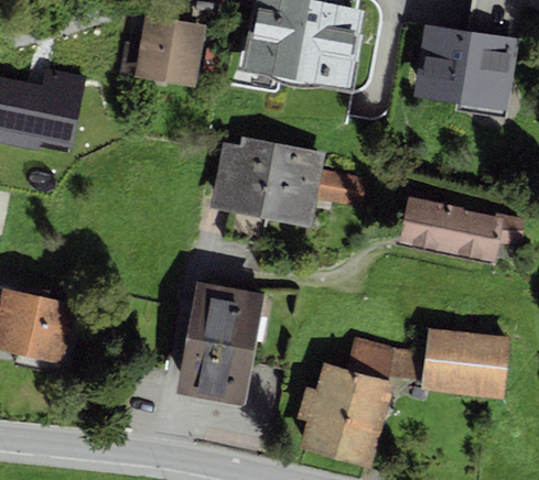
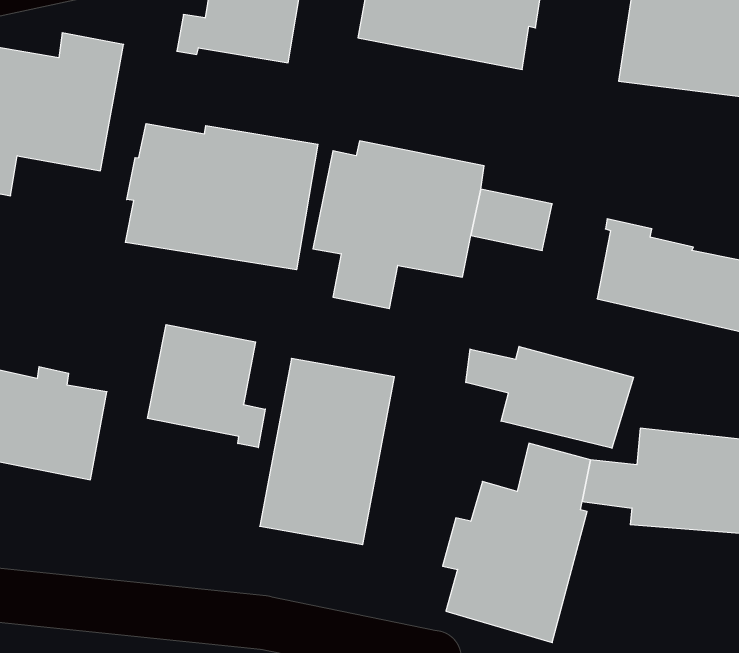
building: none -> [125,124,318,270]
building: none -> [148,325,265,448]
building: none -> [466,346,633,448]

